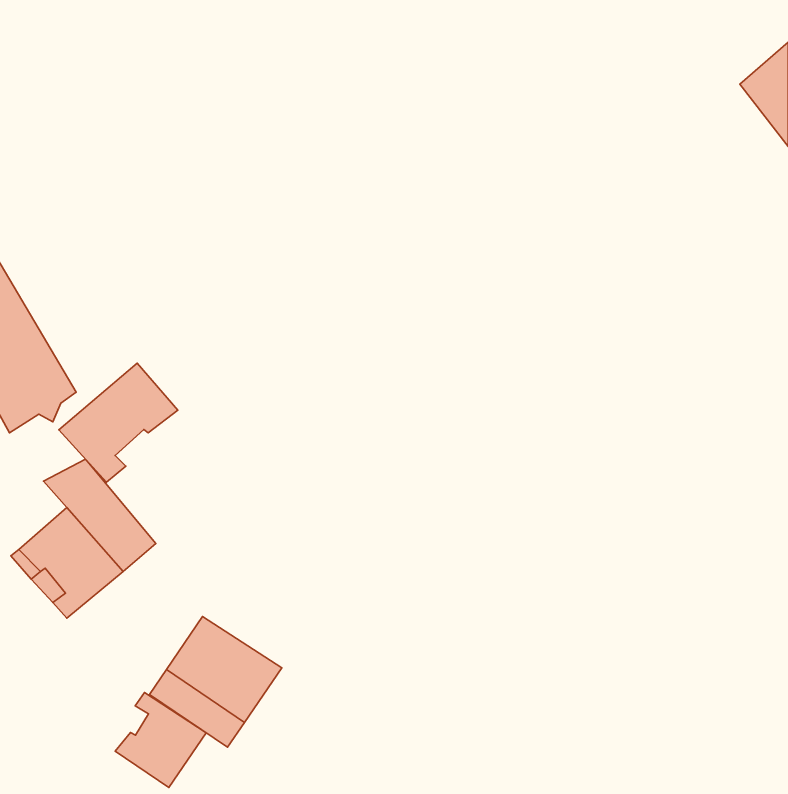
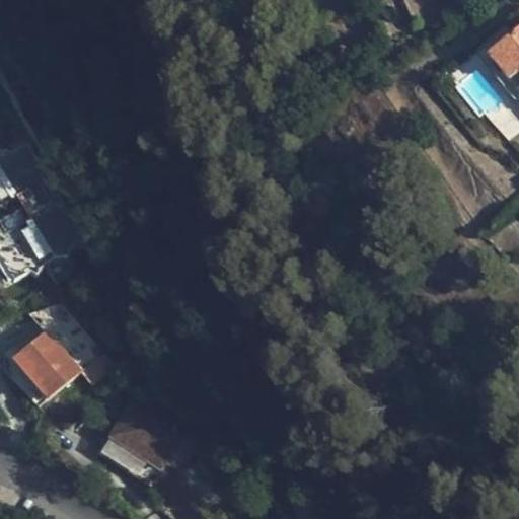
building: [59,363,178,482] -> none
building: [115,693,206,788] -> none

